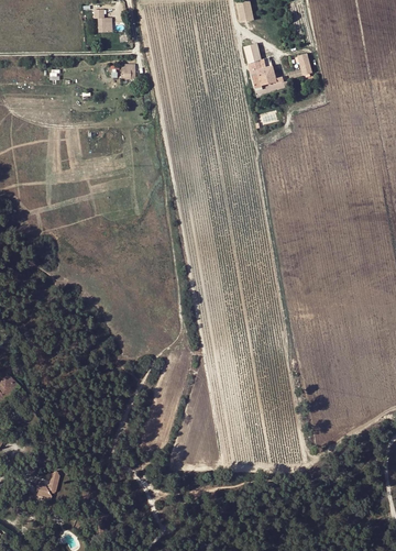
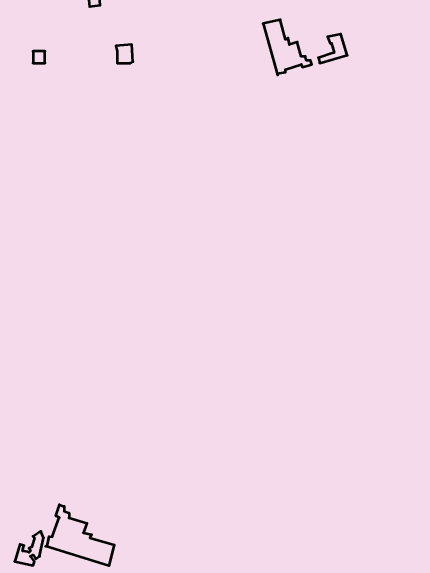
building: none -> [46,505,114,566]

